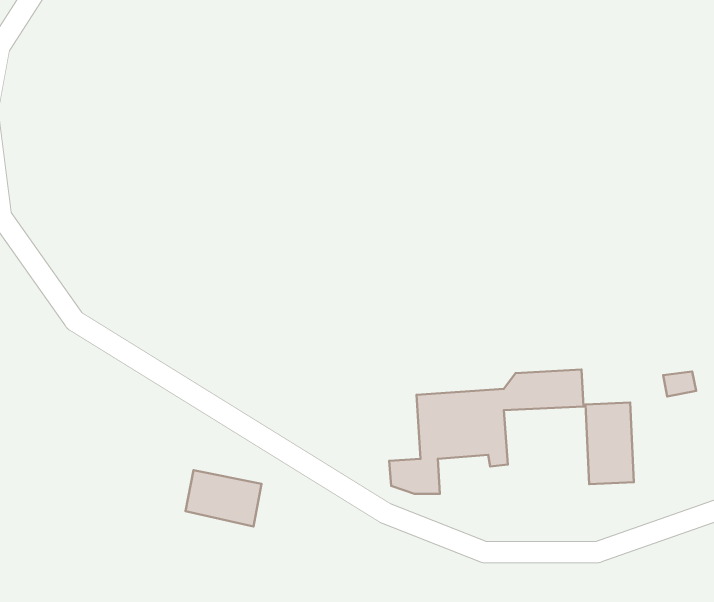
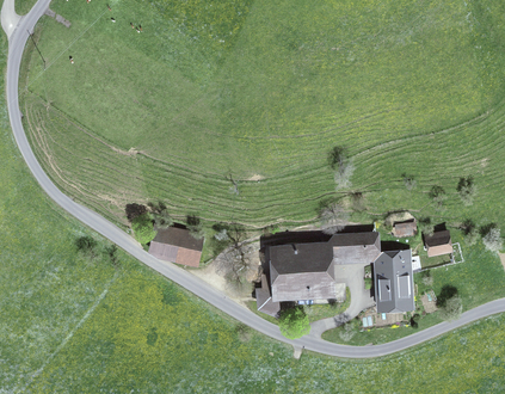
building: [186,470,261,527] -> [153,226,199,260]

